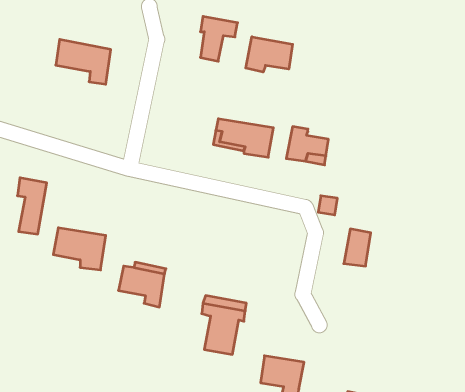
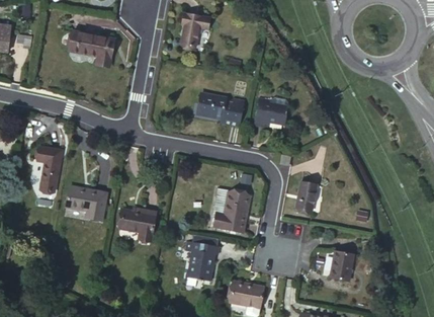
building: [246,37,293,72] -> none
building: none -> [213,193,249,234]
building: none -> [329,247,354,279]

